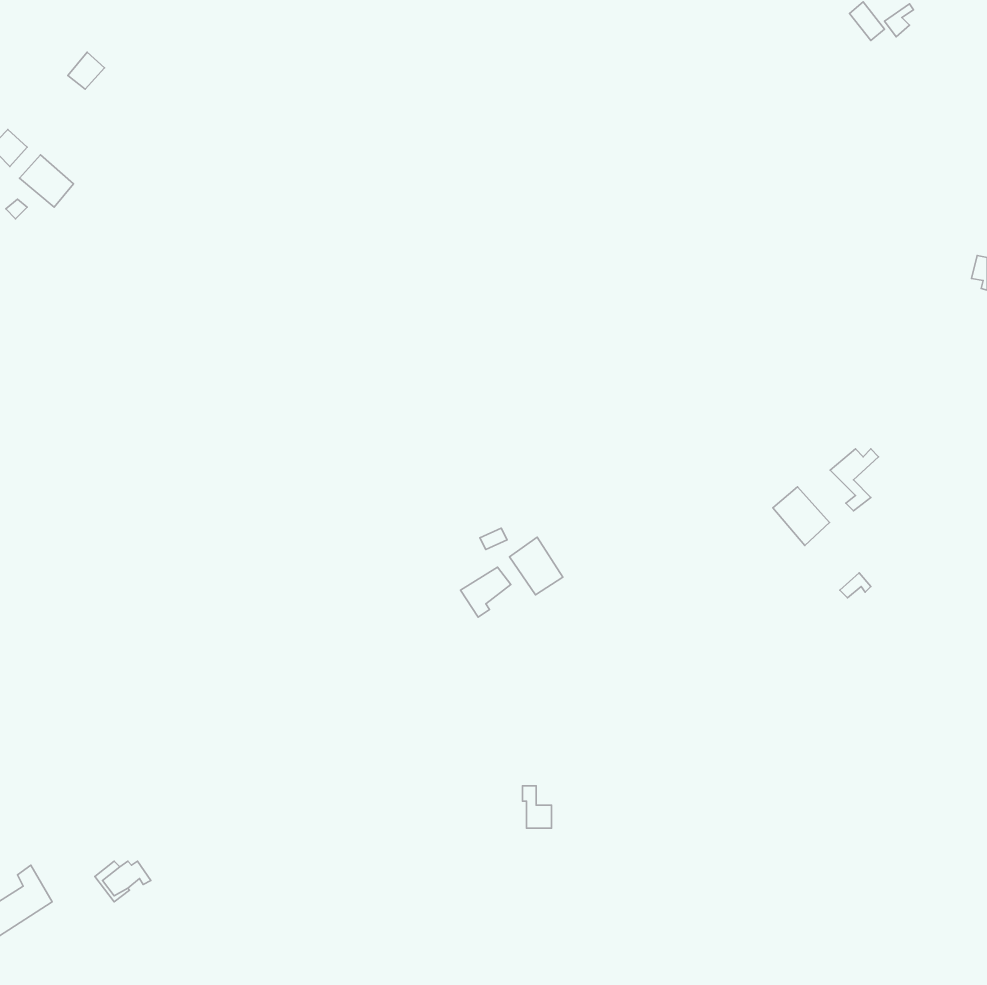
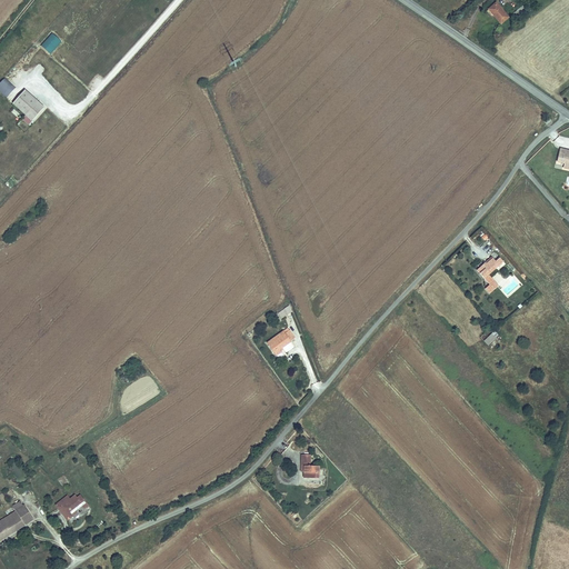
building: [773,487,830,546] -> none
building: [510,537,563,595] -> none

